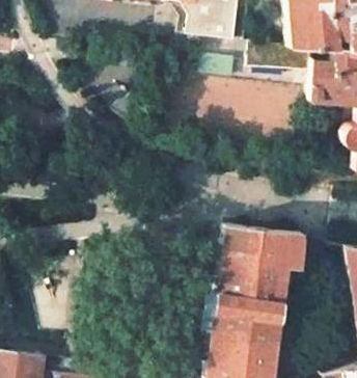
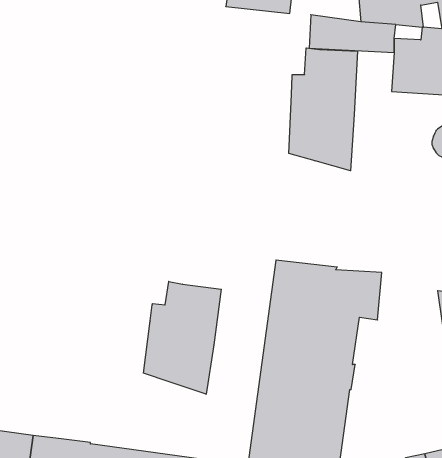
building: none -> [289,48,357,171]
building: none -> [144,281,221,394]

